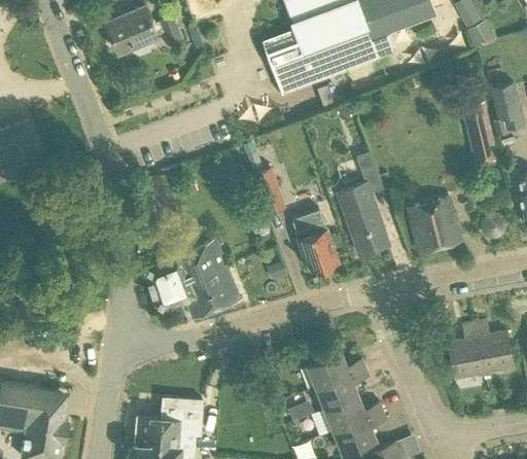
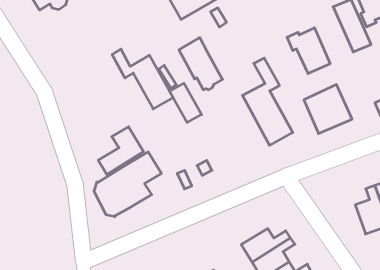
building: none -> [112,49,173,109]
building: none -> [287,28,330,74]
building: [292,210,338,273] -> [179,38,223,90]
building: [185,268,240,319] -> [98,127,143,175]

